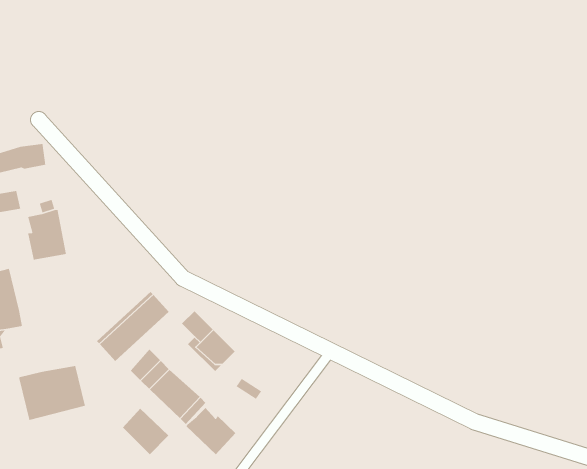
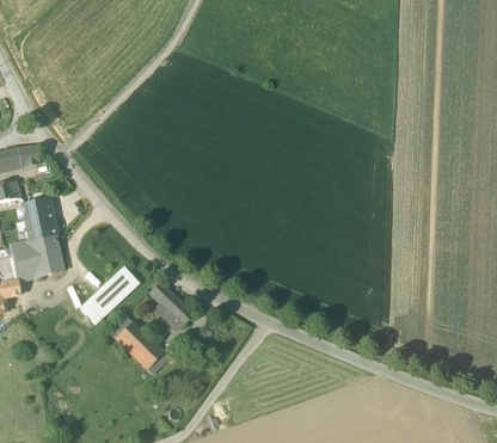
building: [18,365,86,421] -> [10,235,65,281]
building: [185,407,236,455] -> none
building: [122,408,169,455] -> none

